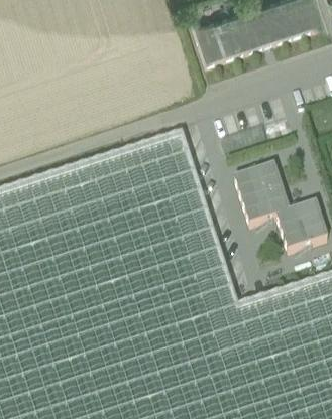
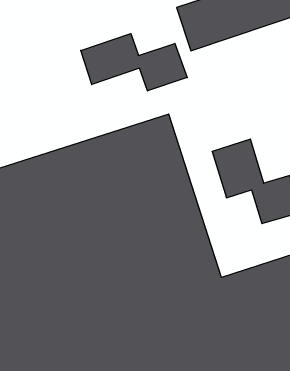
building: none -> [81,34,187,91]

